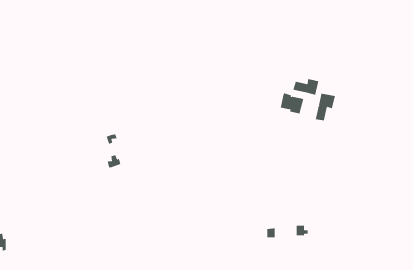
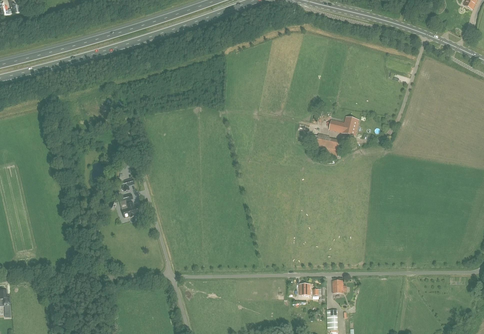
building: [315,93,335,121] -> none

